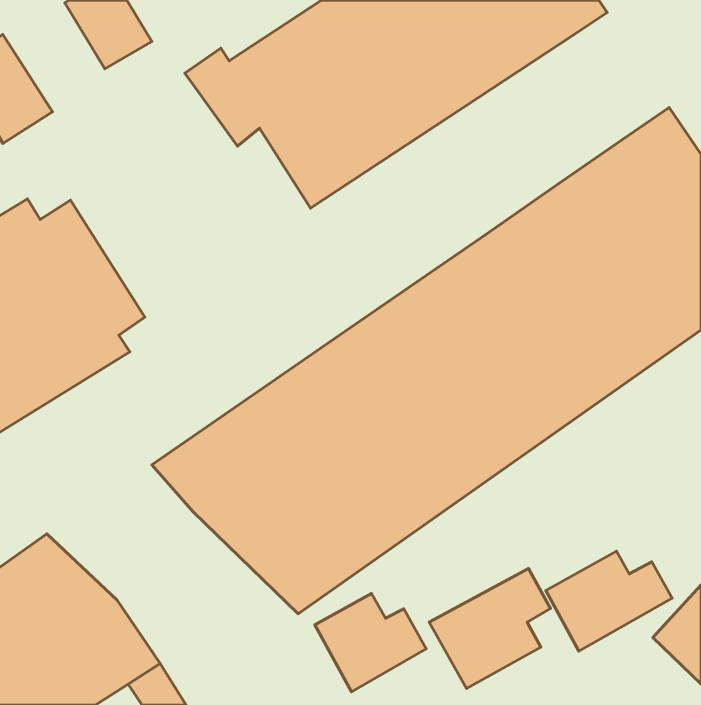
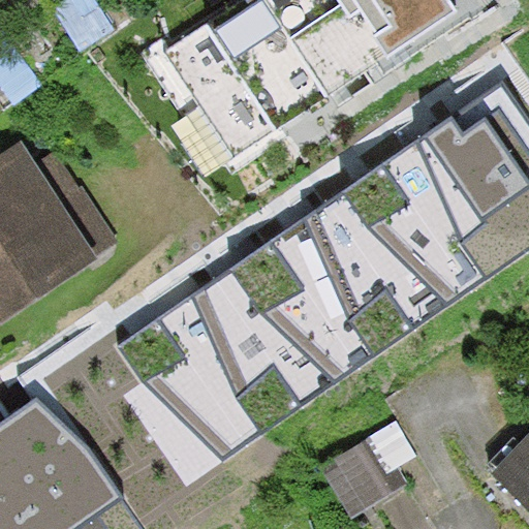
building: [546,551,672,651] -> none
building: [315,593,426,692] -> none

